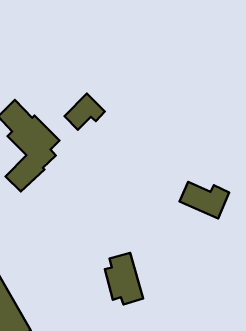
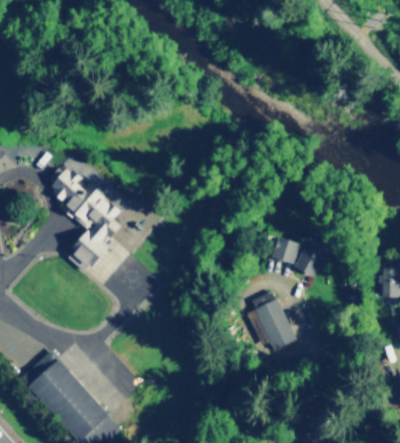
building: [64,93,105,130] -> none
building: [105,253,143,305] -> [247,290,296,351]

